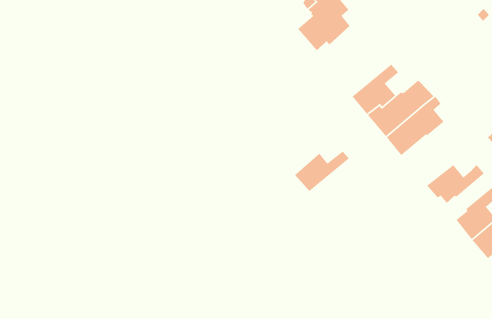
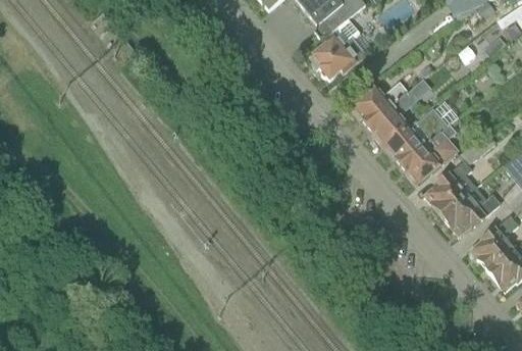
building: none -> [427,131,499,215]
building: [294,150,350,192] -> [351,84,407,126]

